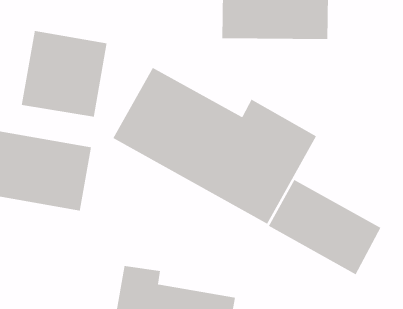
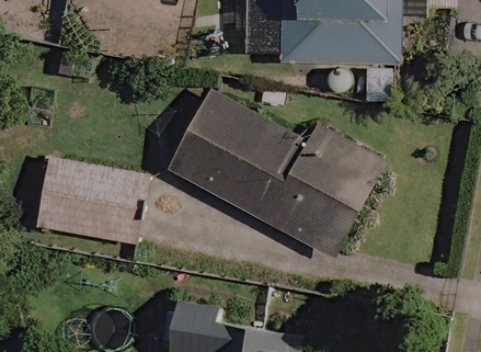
building: [21,30,107,117] -> none
building: [268,179,381,275] -> none

